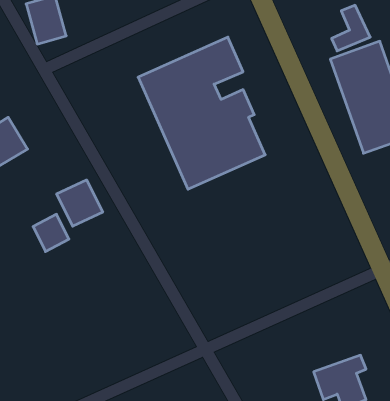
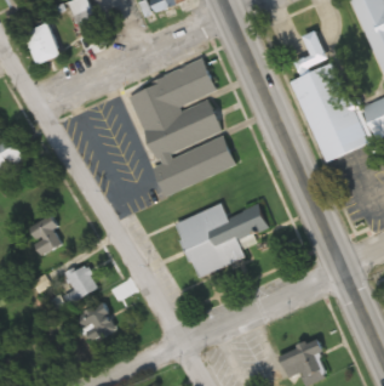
building: [57,180,103,226] -> none
building: none -> [174,204,269,278]
building: none -> [55,266,96,302]
building: none -> [76,301,116,342]

